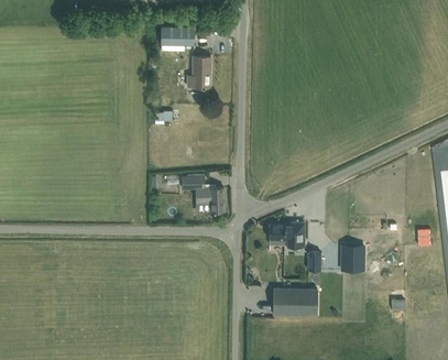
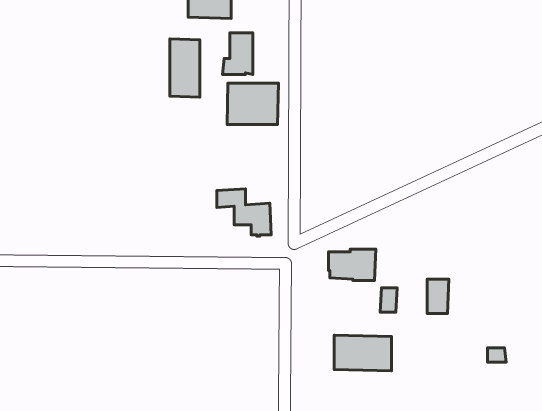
building: none -> [170,39,200,97]
building: none -> [227,83,278,125]

